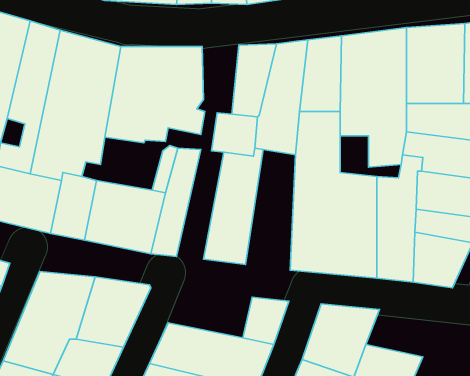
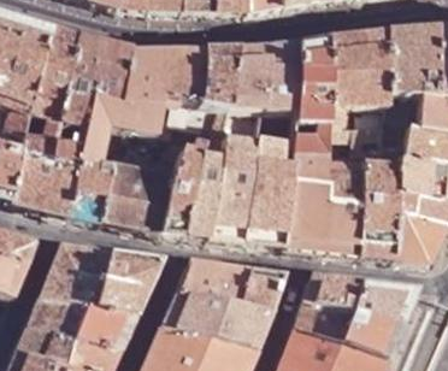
building: none -> [202,47,240,108]
building: none -> [184,140,226,237]
building: none -> [246,140,290,247]
building: none -> [177,261,252,307]
building: none -> [353,282,418,324]

